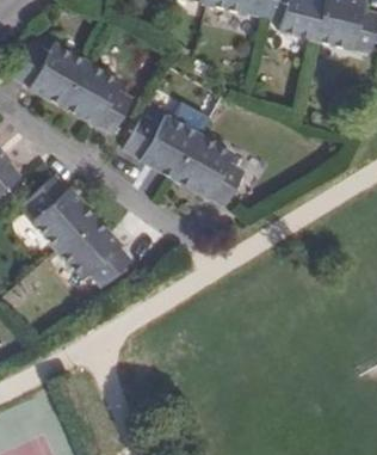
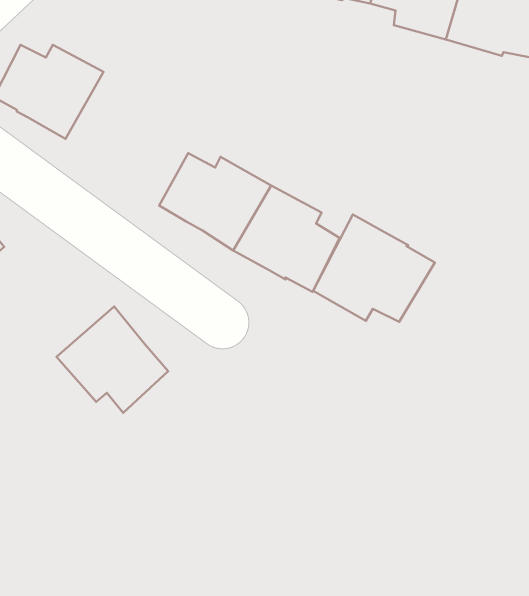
building: [62,61,132,133] -> none
building: none -> [313,215,435,322]
building: [25,174,94,250] -> none

